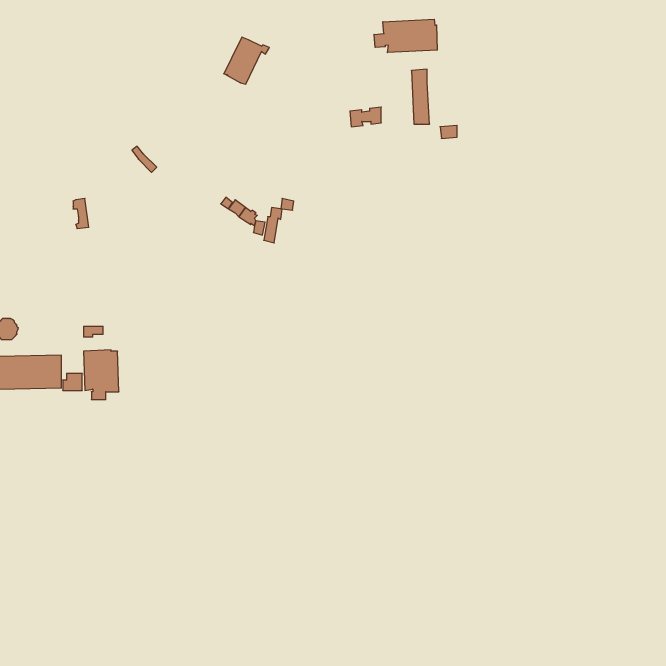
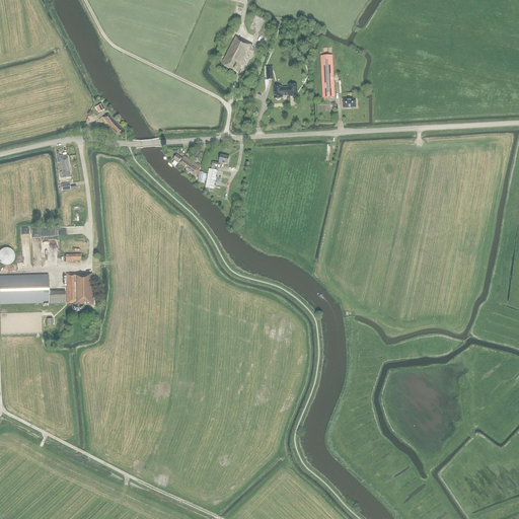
building: [374,19,437,53] -> none
building: [224,37,269,84] -> [220,35,255,72]

